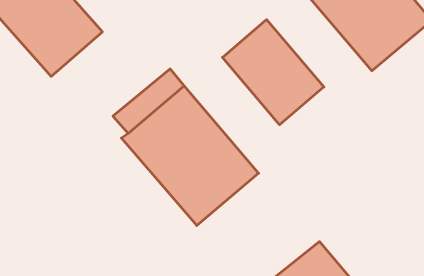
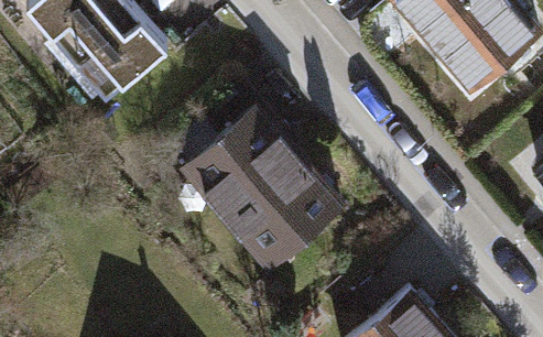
building: [222,20,324,125] -> none

